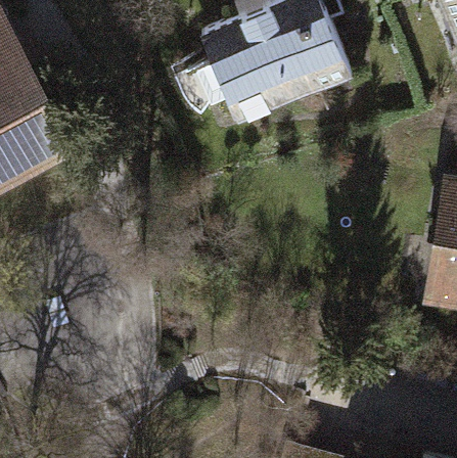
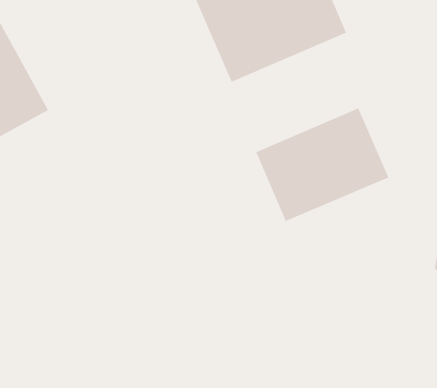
building: none -> [256,107,389,222]

